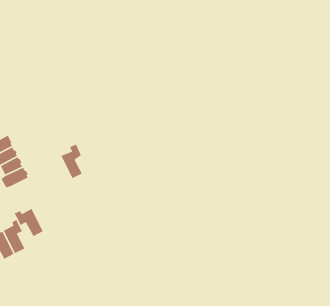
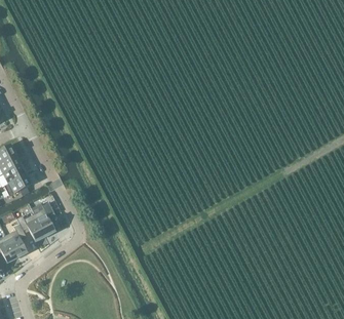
building: [60,144,83,179] -> [32,204,53,238]

